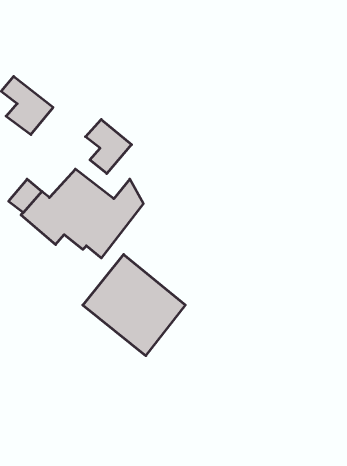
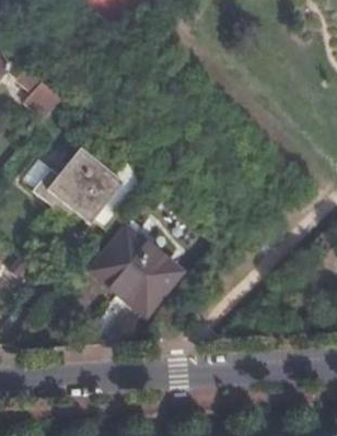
building: [85,119,132,174] -> none

